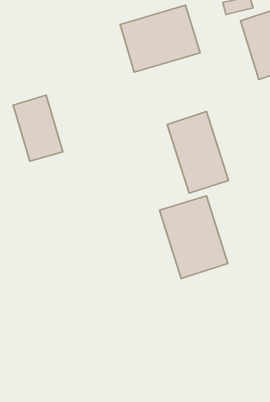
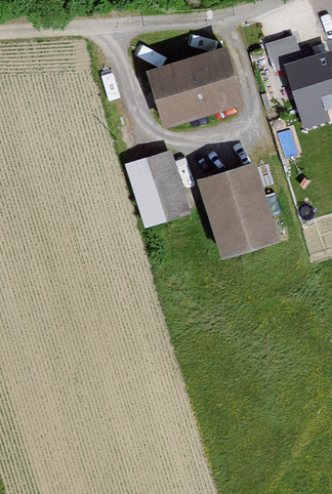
building: [13,95,63,161] -> [129,154,184,228]
building: [159,196,228,278] -> none

